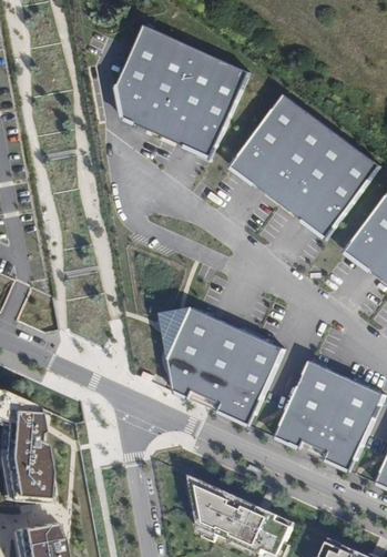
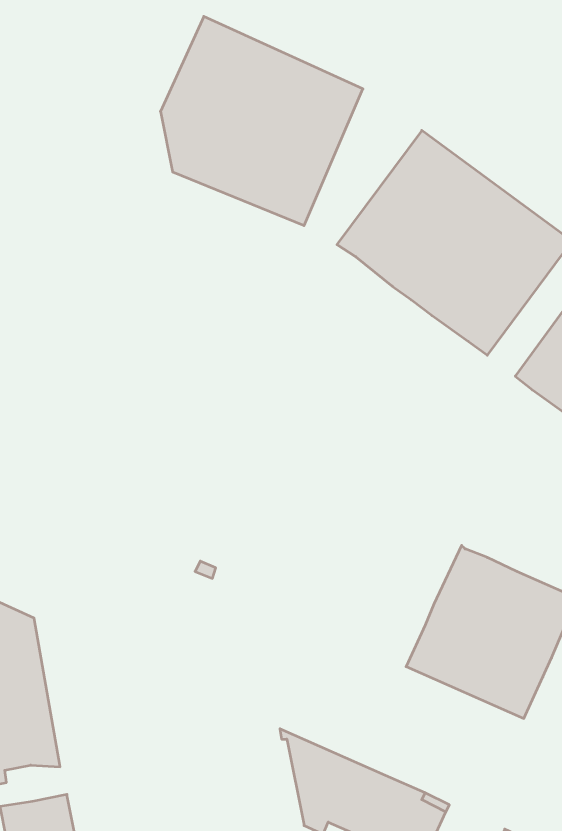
building: [167,305,284,424] -> none

